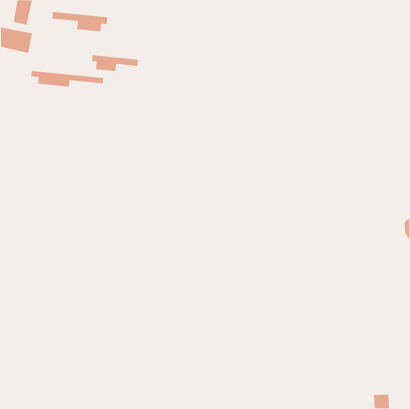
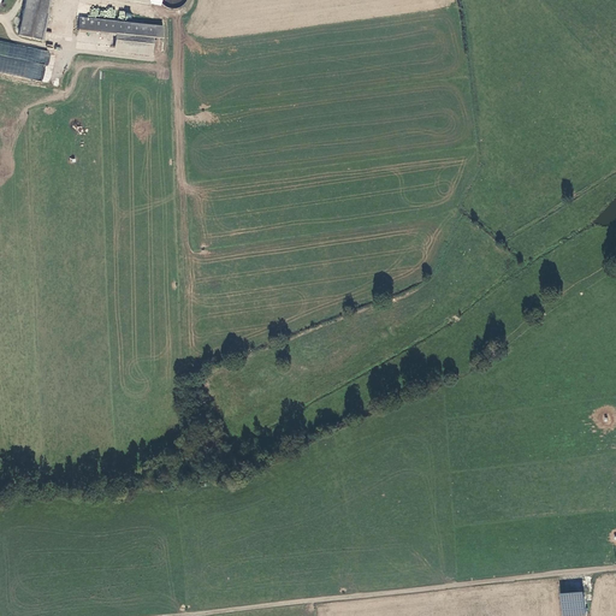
building: [91,54,139,72] -> none
building: [30,70,104,88] -> none

